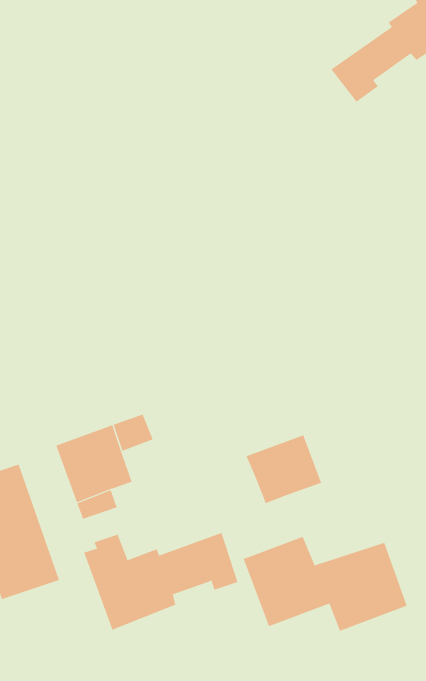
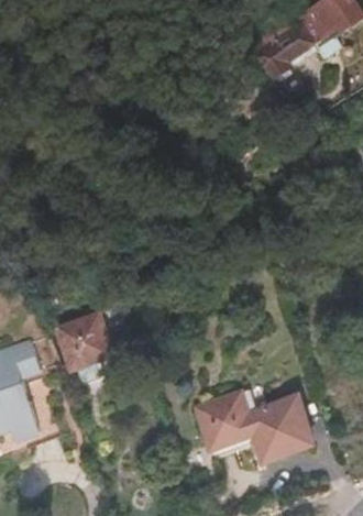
building: [246,434,322,504] -> none
building: [83,532,238,631] -> none

